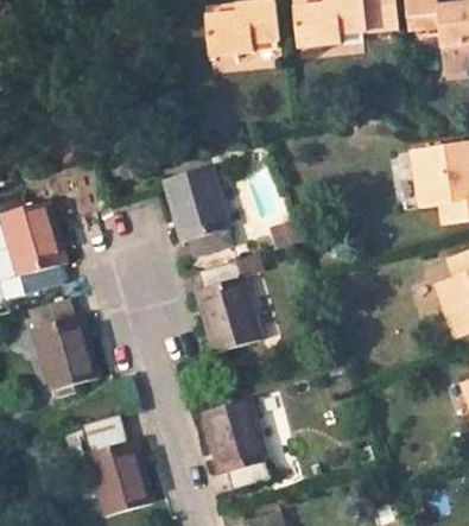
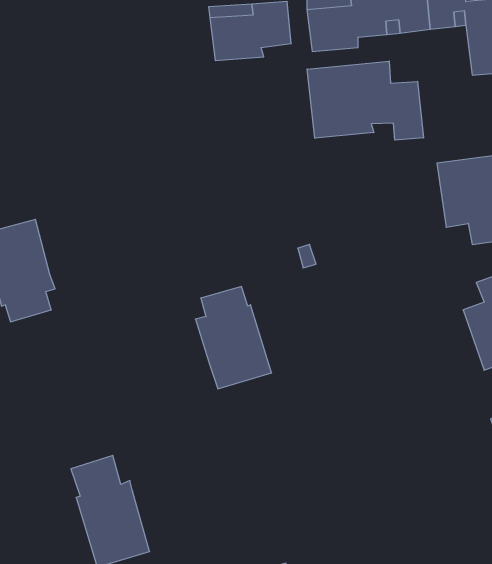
building: none -> [307,61,424,140]
building: [164,166,230,256] -> none
building: [31,302,100,392] -> none
building: [202,399,271,490] -> none

